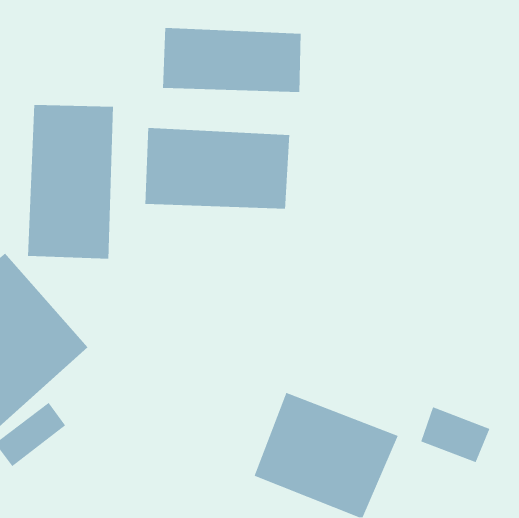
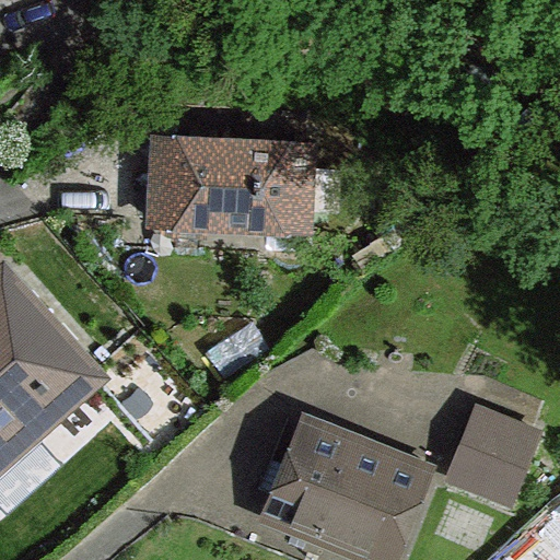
building: [162,27,302,93] -> none
building: [27,104,114,260] -> none

